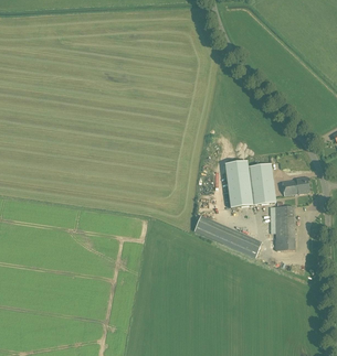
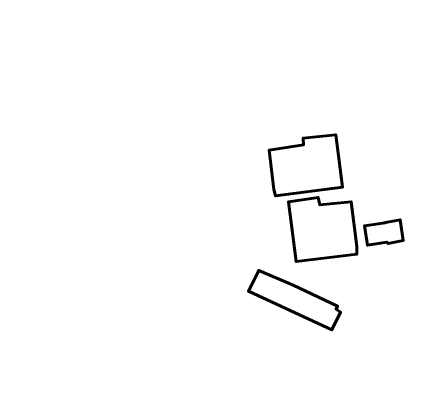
building: none -> [269,135,342,196]
building: [270,206,295,250] -> none

